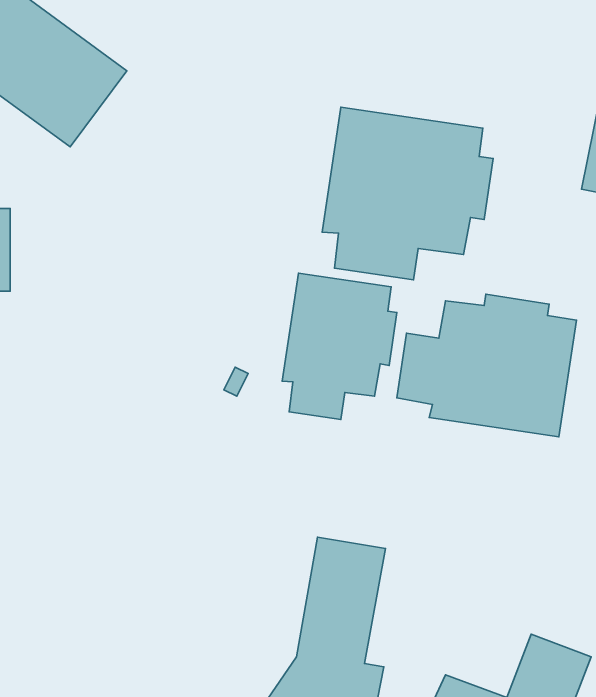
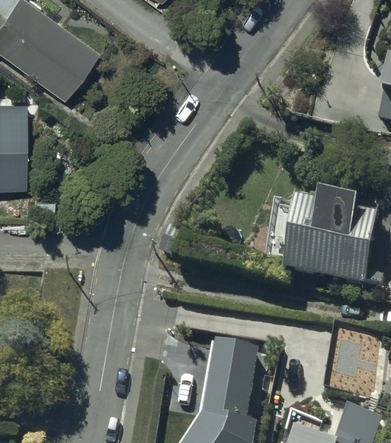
building: [322,107,493,280] -> none
building: [282,273,397,420] -> none

